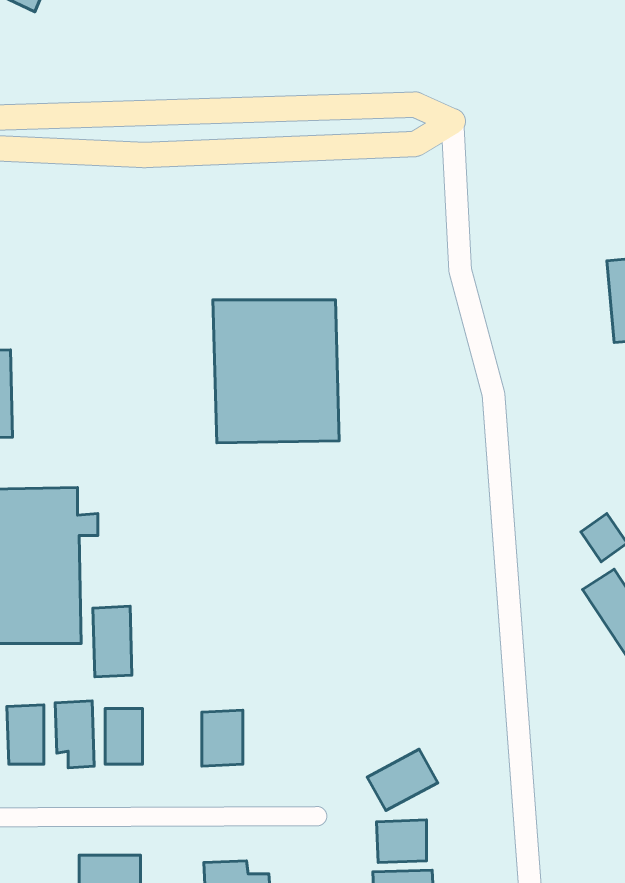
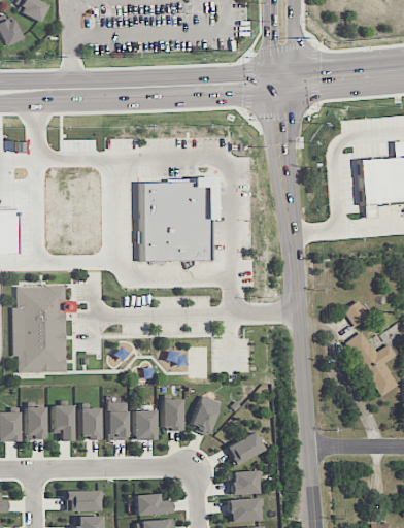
building: [93,606,132,677] -> [107,401,129,440]
building: none -> [190,395,221,434]
building: none -> [162,398,183,430]

